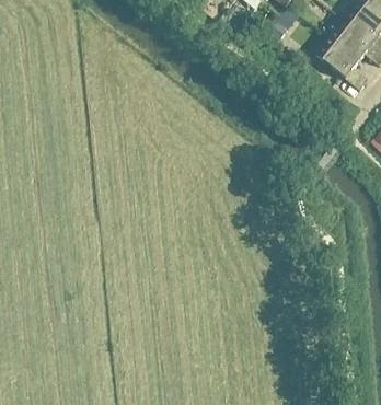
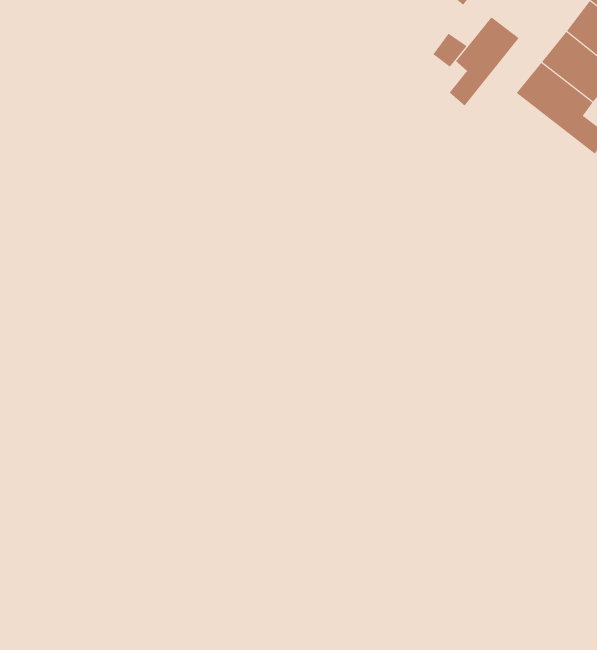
building: none -> [449,16,519,107]

